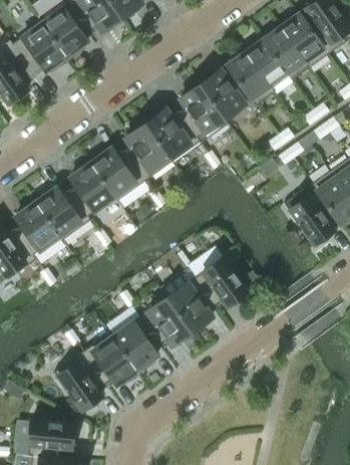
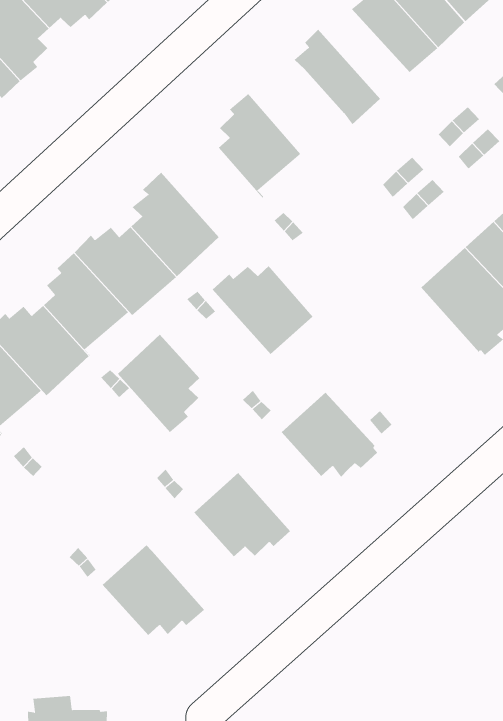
building: [242,40,291,93] -> none
building: [198,70,251,120] -> none
building: [142,109,199,162] -> [212,265,313,355]
building: [166,277,214,334] -> [117,334,200,433]
building: [112,317,158,374] -> none
building: [56,353,104,413] -> none

